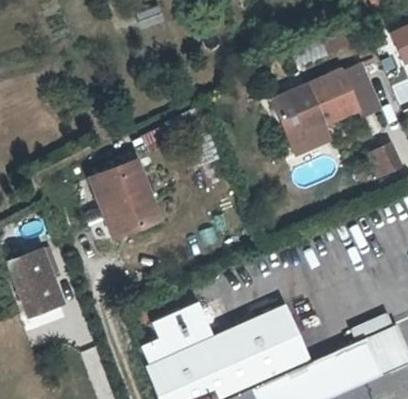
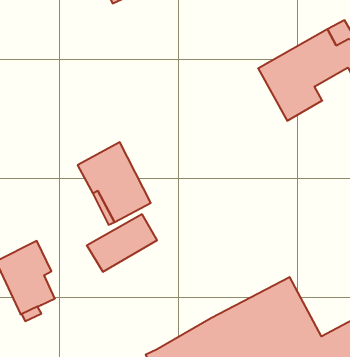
building: [140,308,207,359] -> [87,214,157,272]

